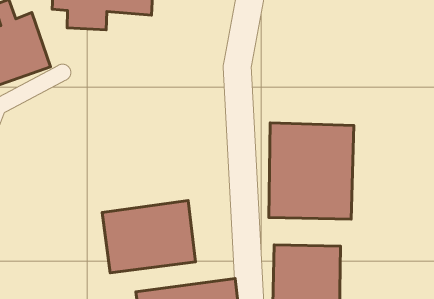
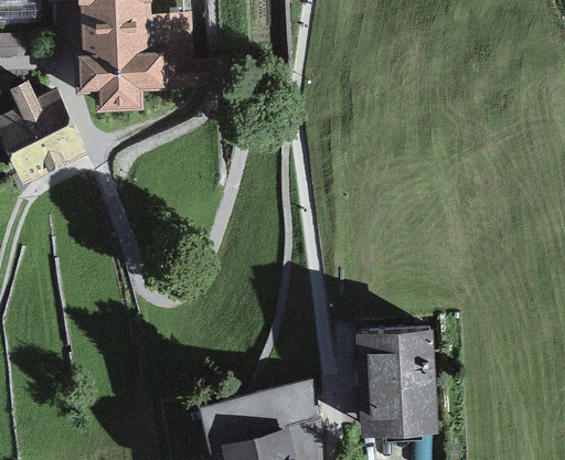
building: [269,123,354,219] -> none
building: [102,201,196,273] -> none

